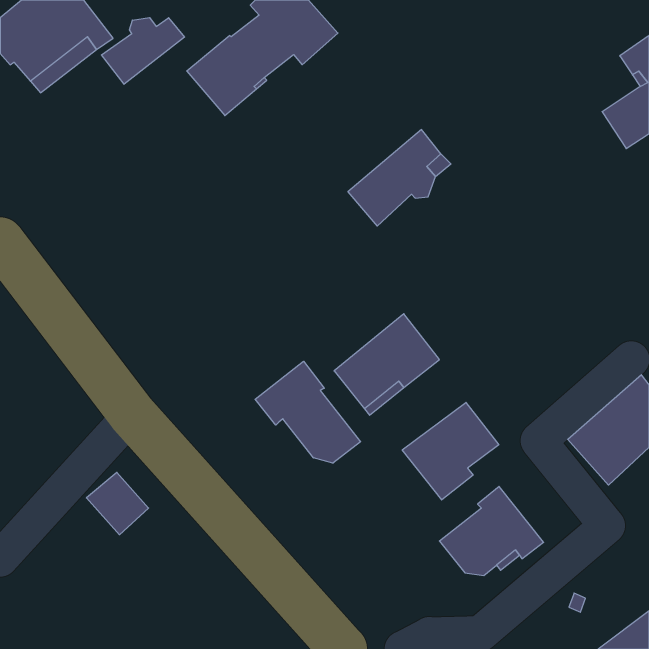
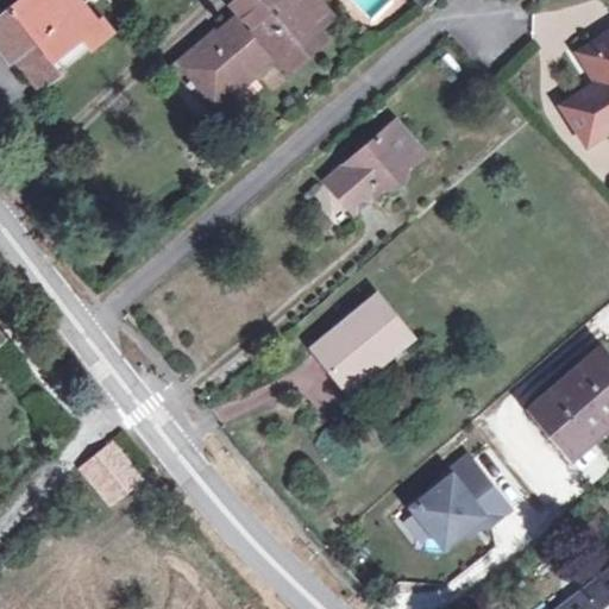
building: [101,18,185,84] -> none
building: [255,361,361,463] -> none
building: [402,402,499,500] -> none

